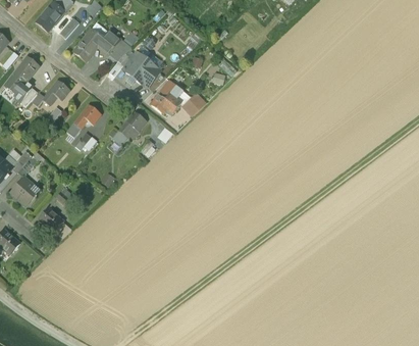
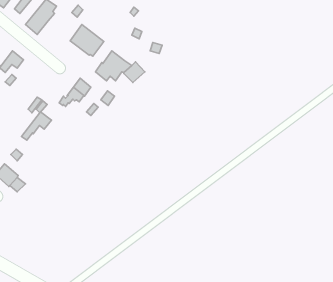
building: [98,29,129,60] -> none
building: [67,104,101,136] -> [21,112,52,140]

